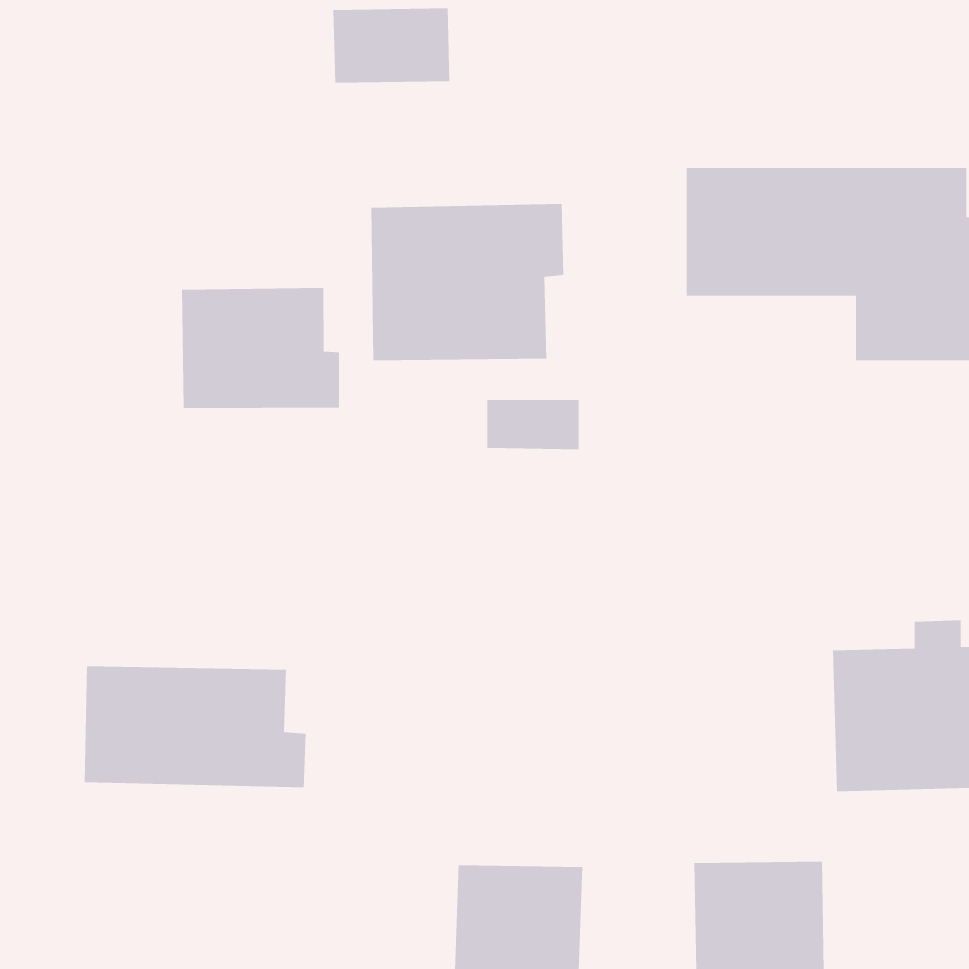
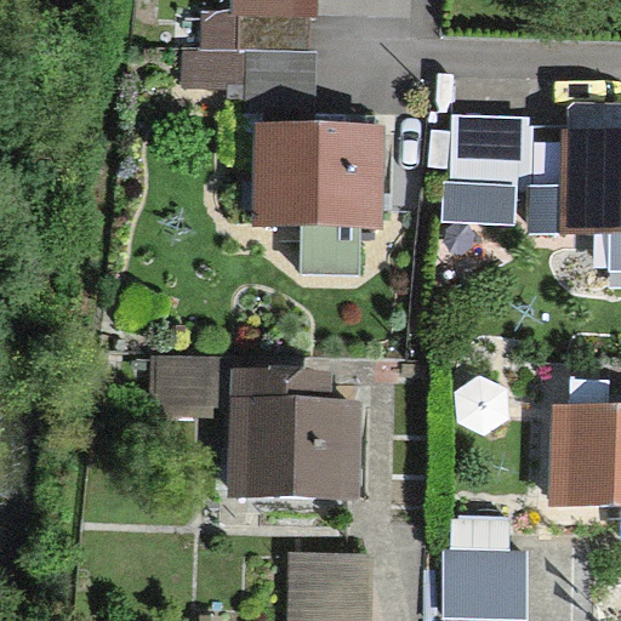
building: [181,287,340,409] -> none
building: none -> [160,354,365,496]
building: [84,666,307,788] -> none

